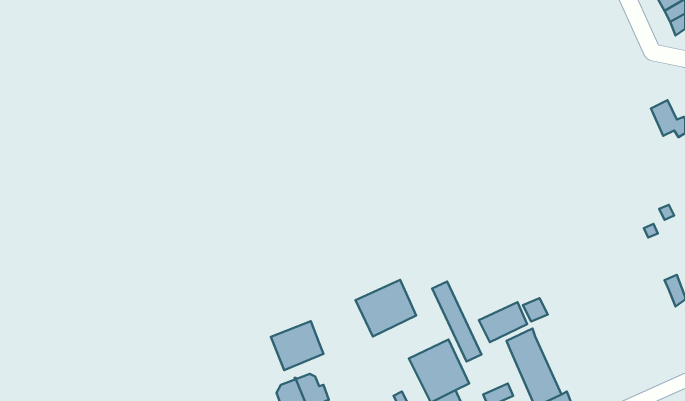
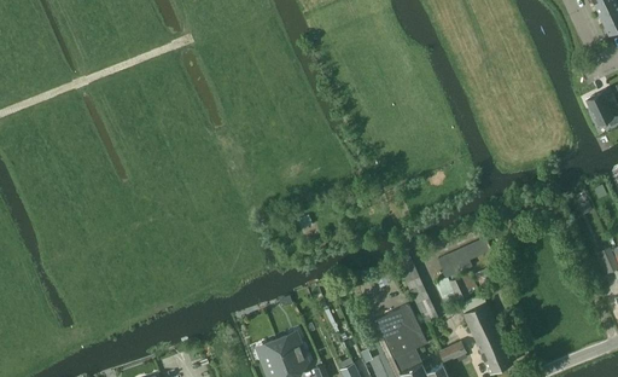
building: none -> [438,238,491,278]
building: [356,280,416,336] -> none
building: [271,321,323,370] -> none

